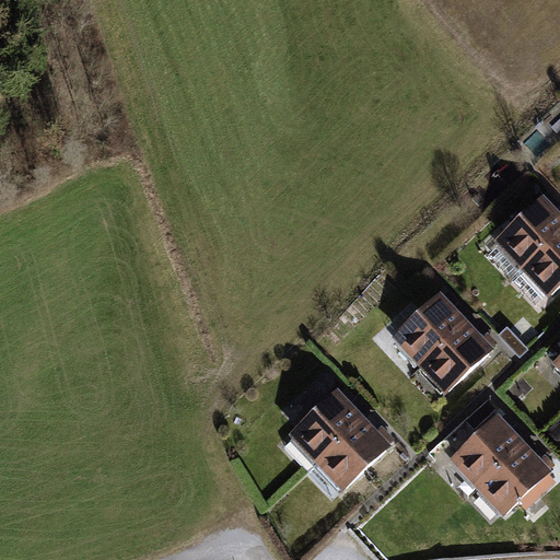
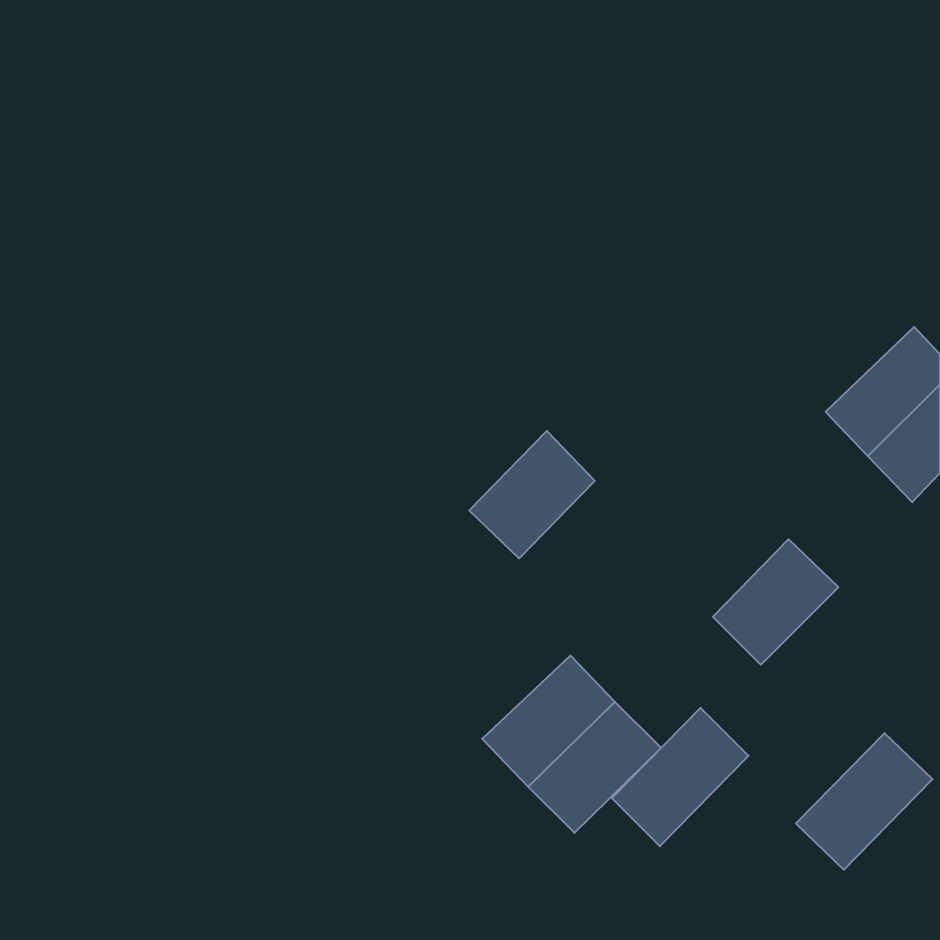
building: [393,290,467,365] -> [469,431,595,558]
building: [443,406,524,488] -> [612,708,749,846]

